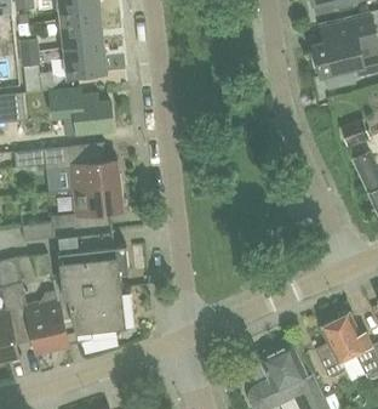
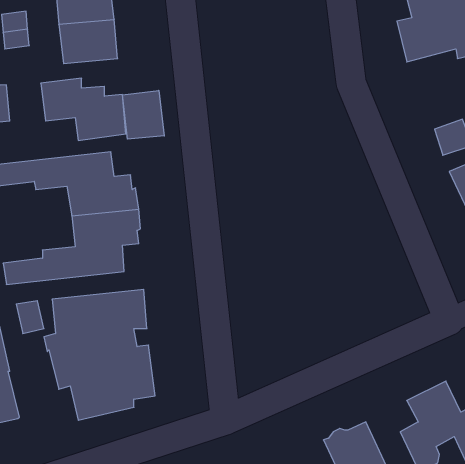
building: none -> [122,90,164,139]
building: [24,289,67,351] -> none

